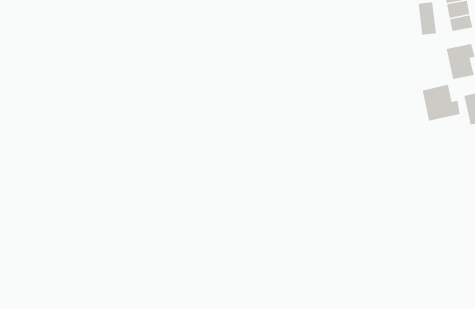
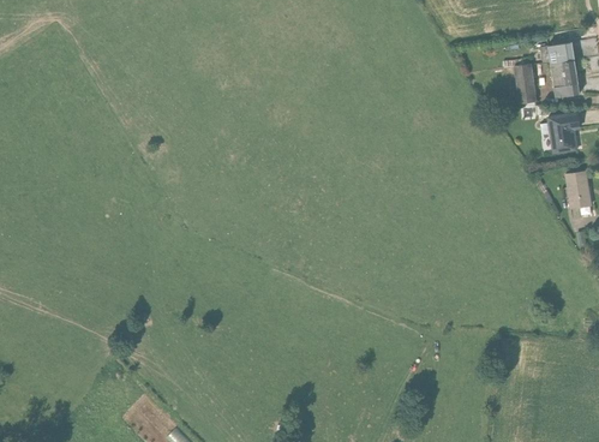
building: [422,84,460,122] -> none

